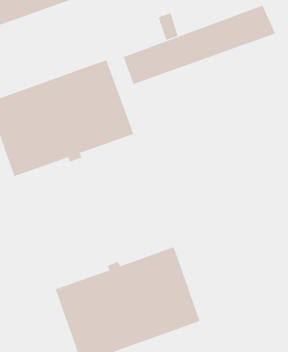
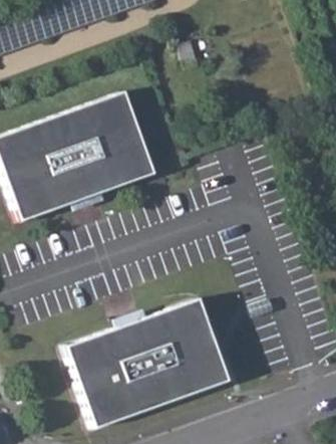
building: [123,5,276,85] -> none

